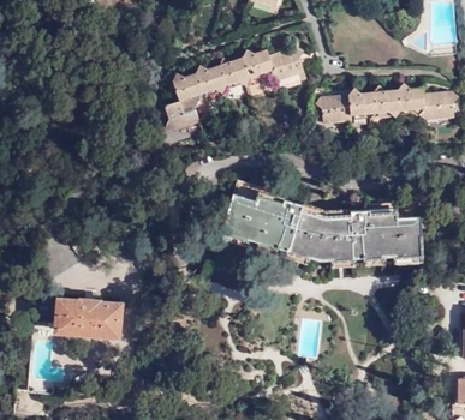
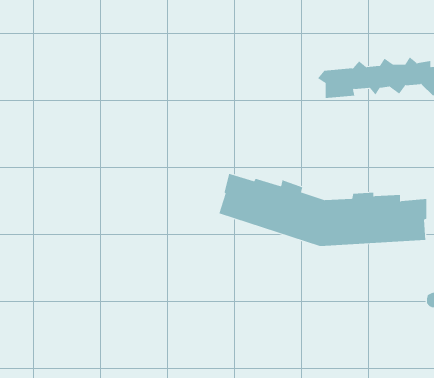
building: [166,46,309,130] -> none
building: [32,300,119,343] -> none

